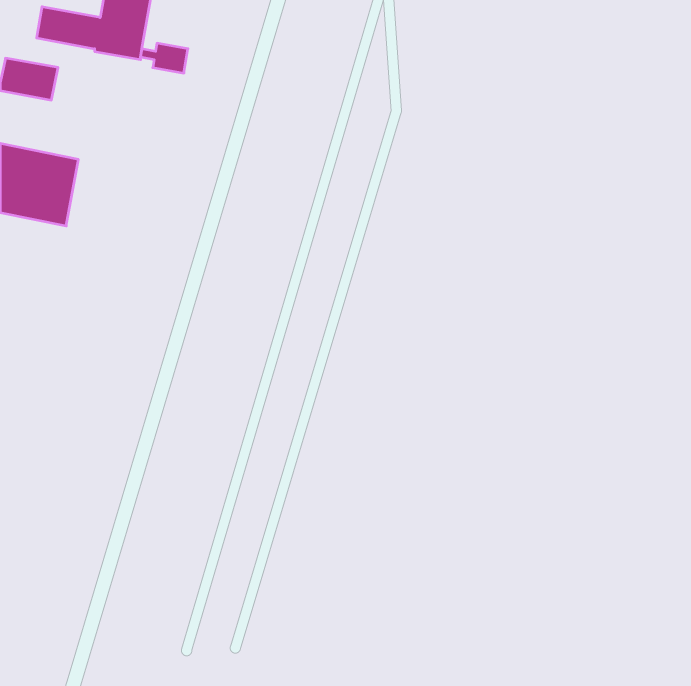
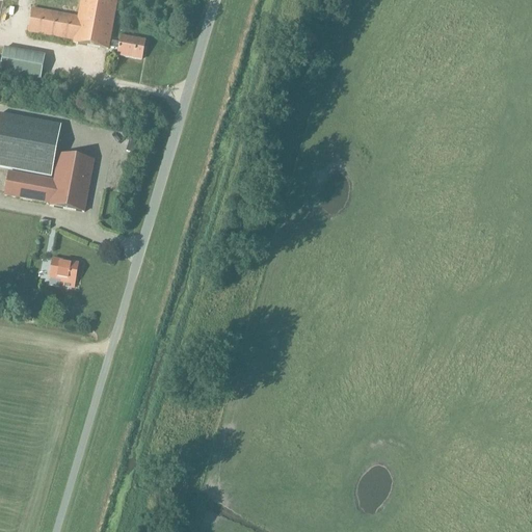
building: none -> [4,152,94,209]
building: none -> [49,256,78,280]

